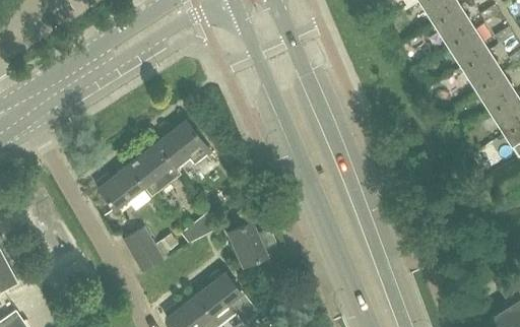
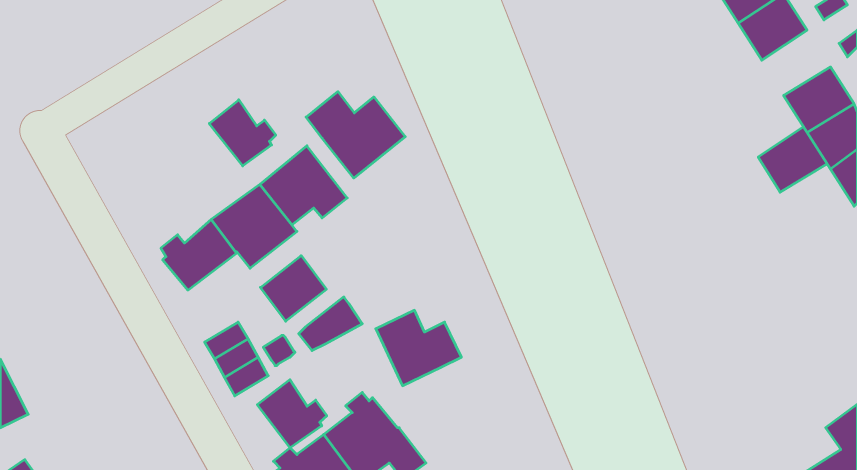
building: [461,51,503,90] -> [758,127,827,192]
building: none -> [306,92,405,178]
building: none -> [209,100,276,166]
building: none -> [260,256,326,321]
building: none -> [257,380,327,448]

